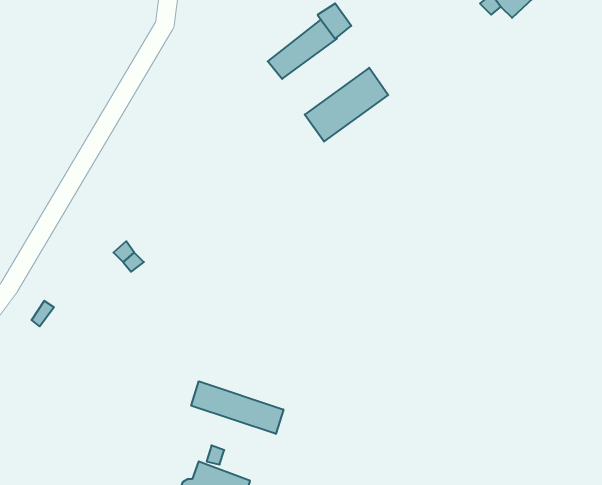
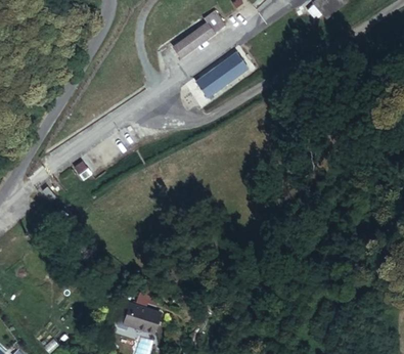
building: [191,381,283,434] -> none

